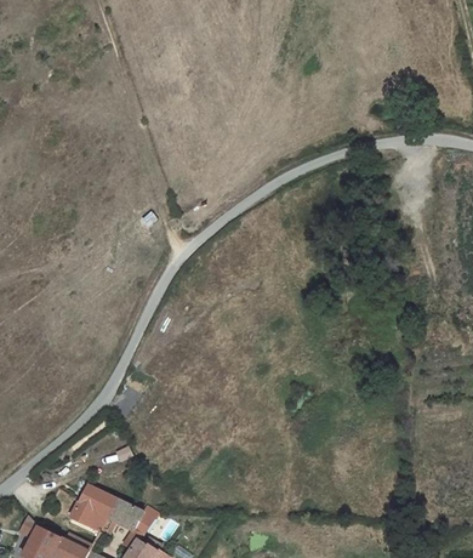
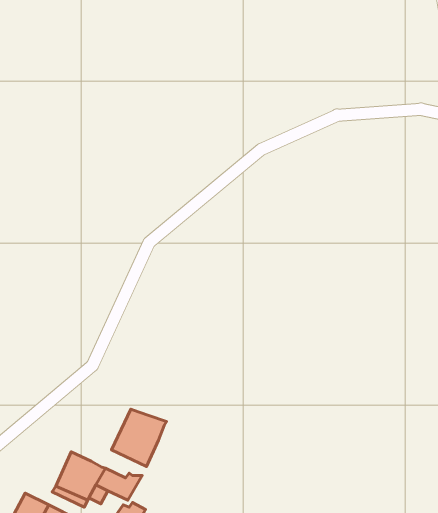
building: none -> [111,409,167,466]

